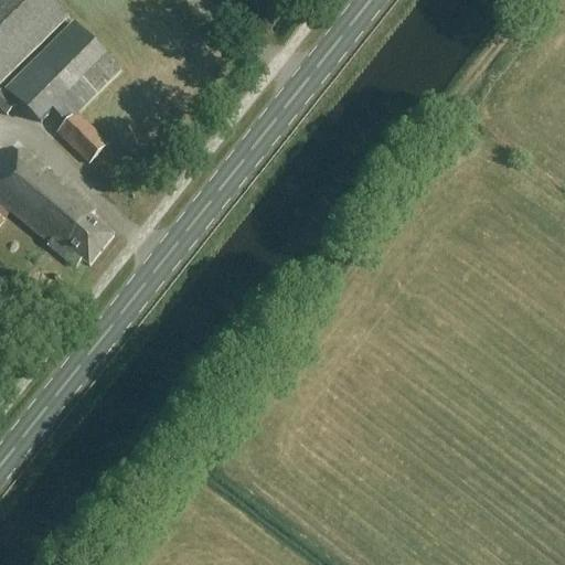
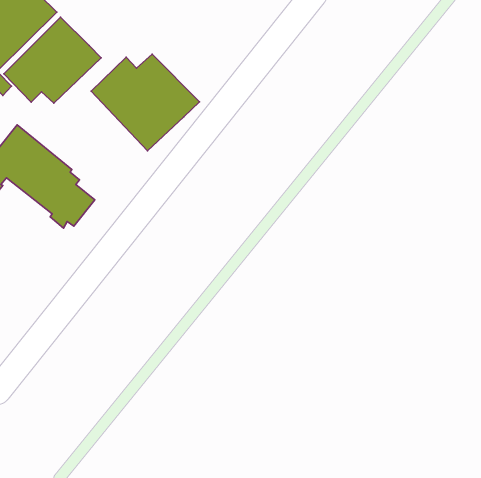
building: none -> [91,54,199,151]
building: [55,109,106,160] -> none

